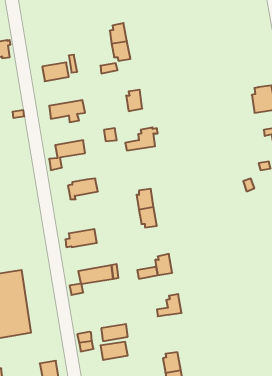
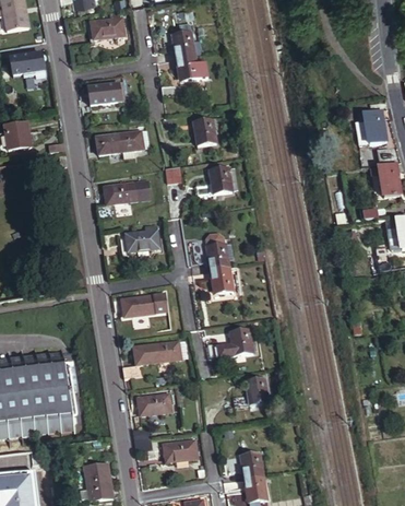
building: none -> [91,17,123,39]
building: [101,324,128,341] -> [138,393,171,415]

